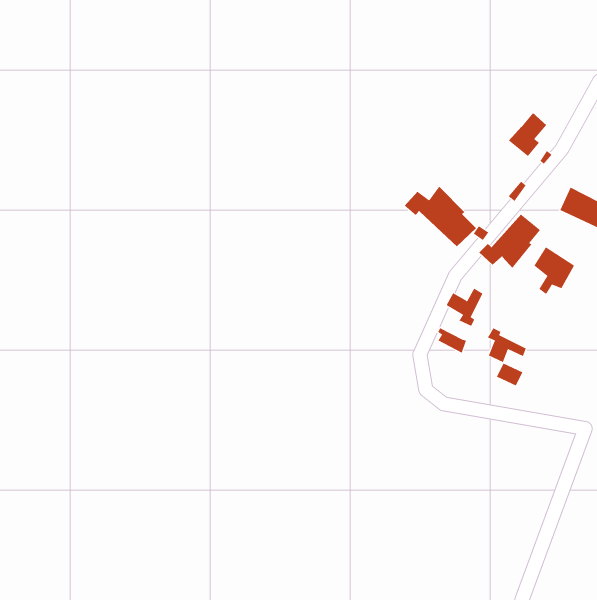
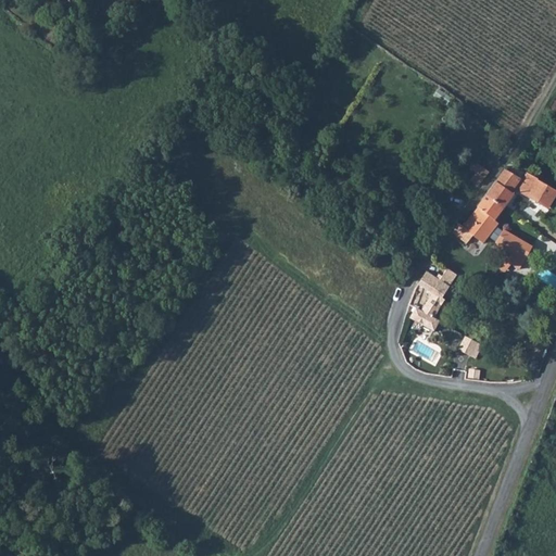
building: [508,112,547,157] -> [484,172,520,213]
building: [404,186,477,247] -> none
building: [487,327,526,363] -> none

